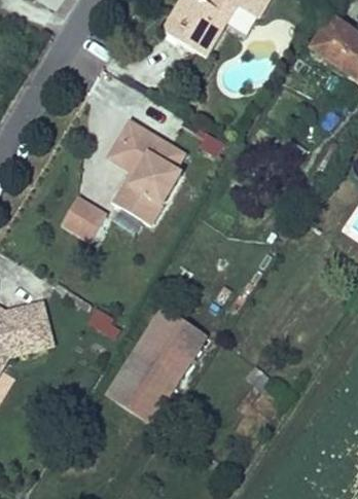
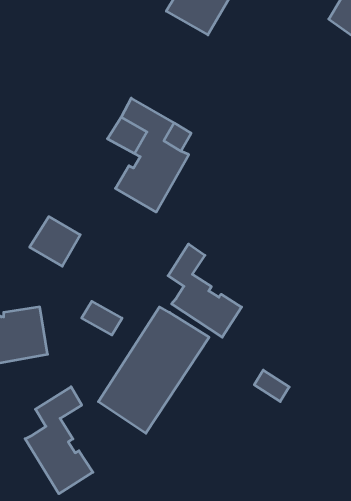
building: [62,193,108,239] -> [30,217,80,266]
building: none -> [168,244,242,337]
building: none -> [25,387,93,494]

